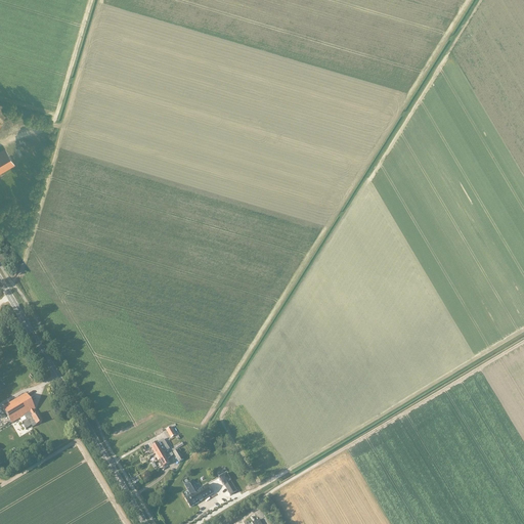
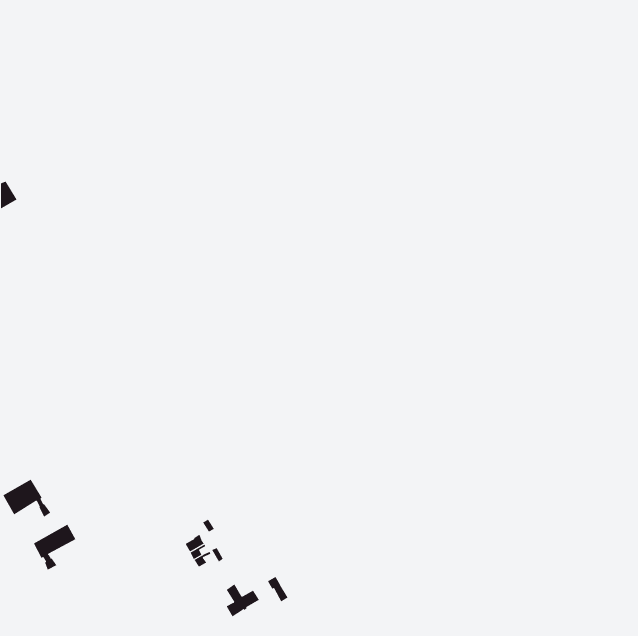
building: none -> [33,524,76,570]

